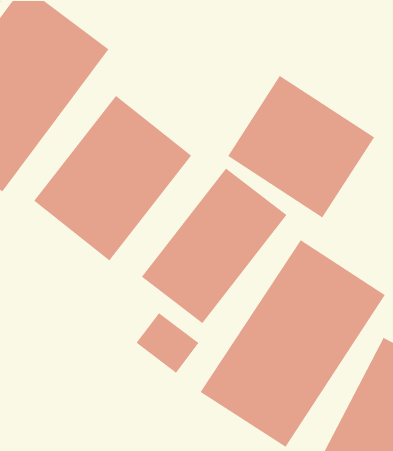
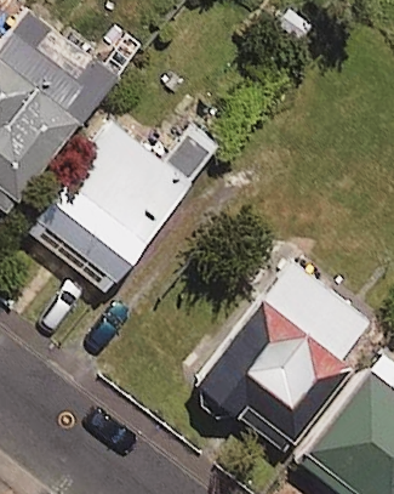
building: [227,75,375,218] -> none
building: [141,167,288,324] -> none

